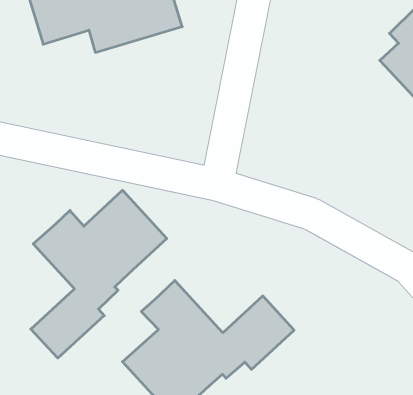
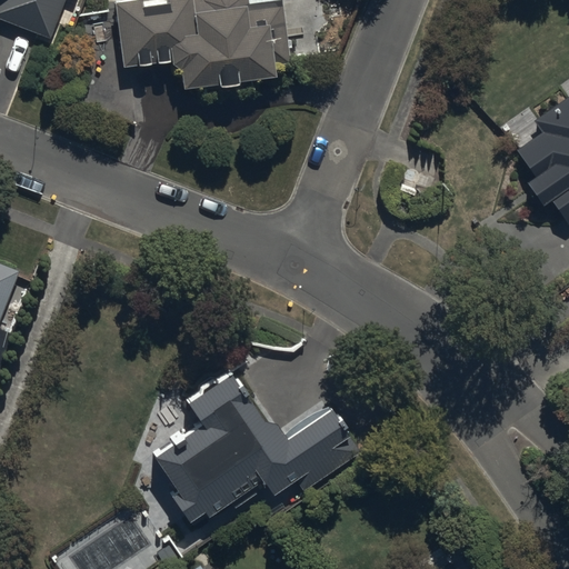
building: [31,190,167,358] -> none

